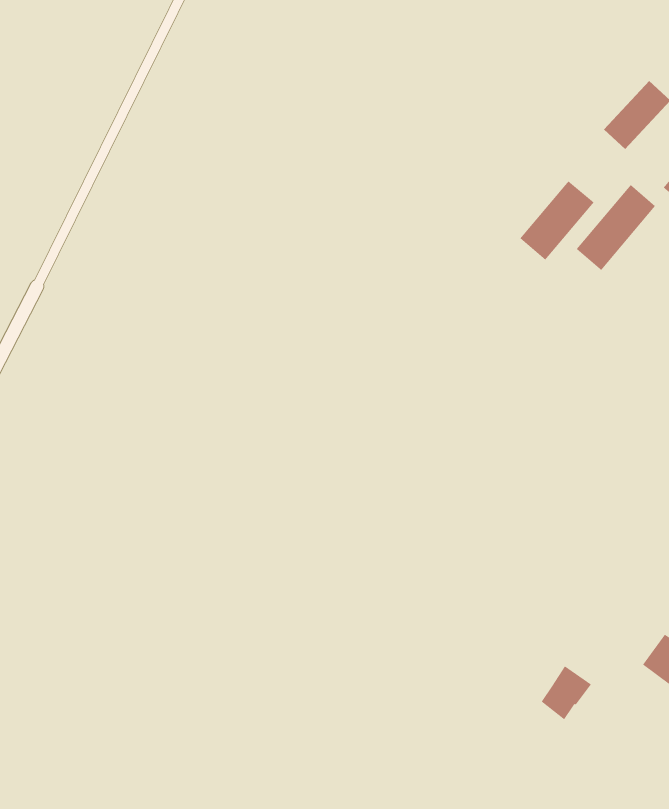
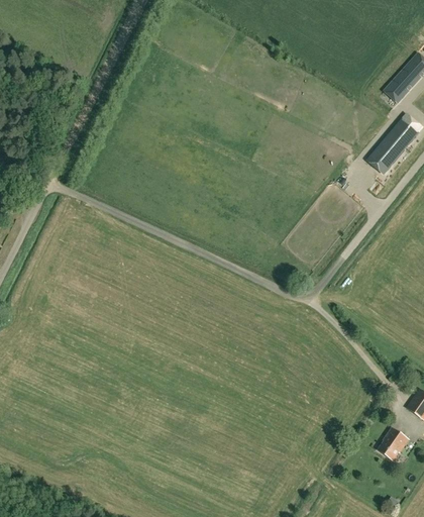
building: [519,180,594,260] -> none
building: [541,666,592,720] -> [378,427,408,459]

